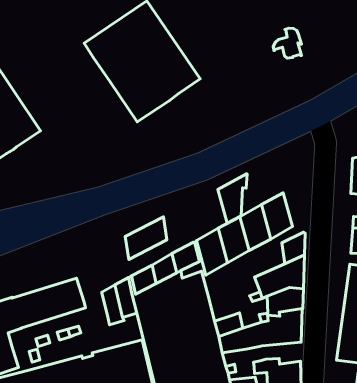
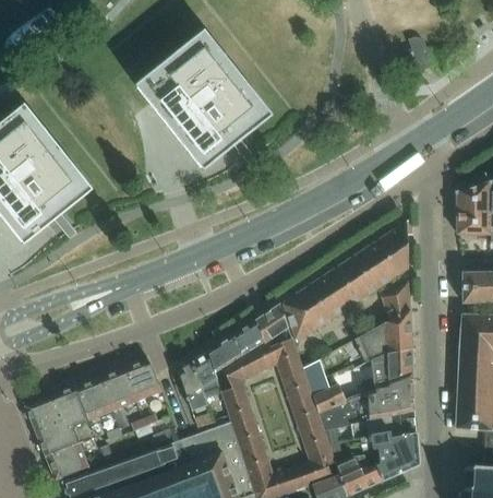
building: [273,28,302,58] -> [396,37,430,72]
building: [218,174,247,223] -> [378,218,411,277]
building: [125,217,167,259] -> none
building: none -> [302,358,329,394]
building: none -> [350,411,414,439]

